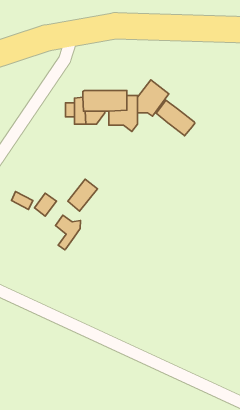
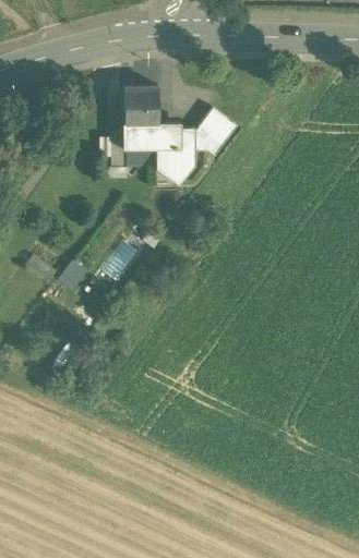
building: none -> [124,86,158,122]
building: [156,100,195,136] -> none
building: [55,215,81,250] -> none

